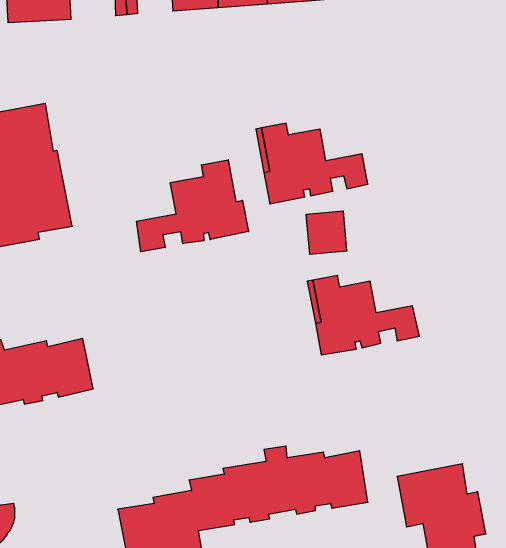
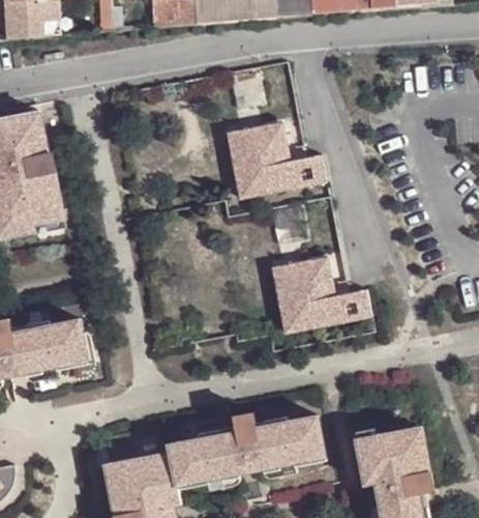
building: [136,160,248,252] -> none

